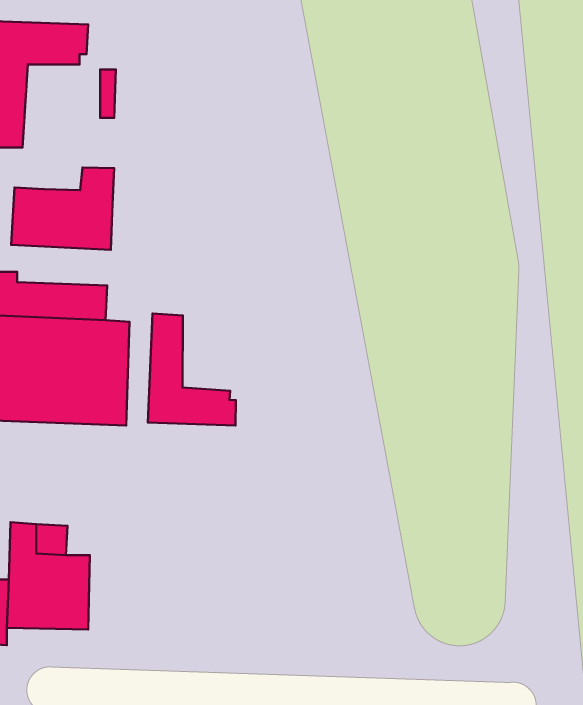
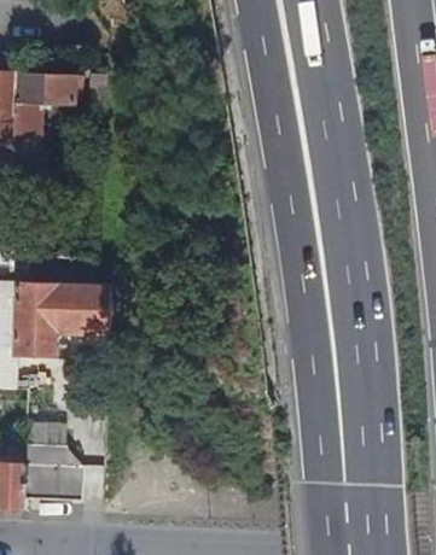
building: [11,168,114,250] -> none
building: [148,313,236,426] -> none

